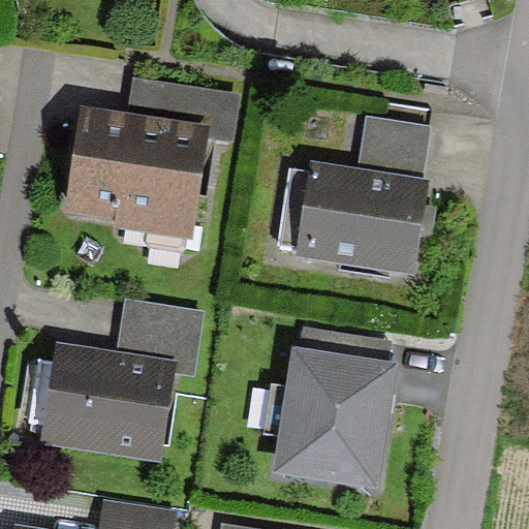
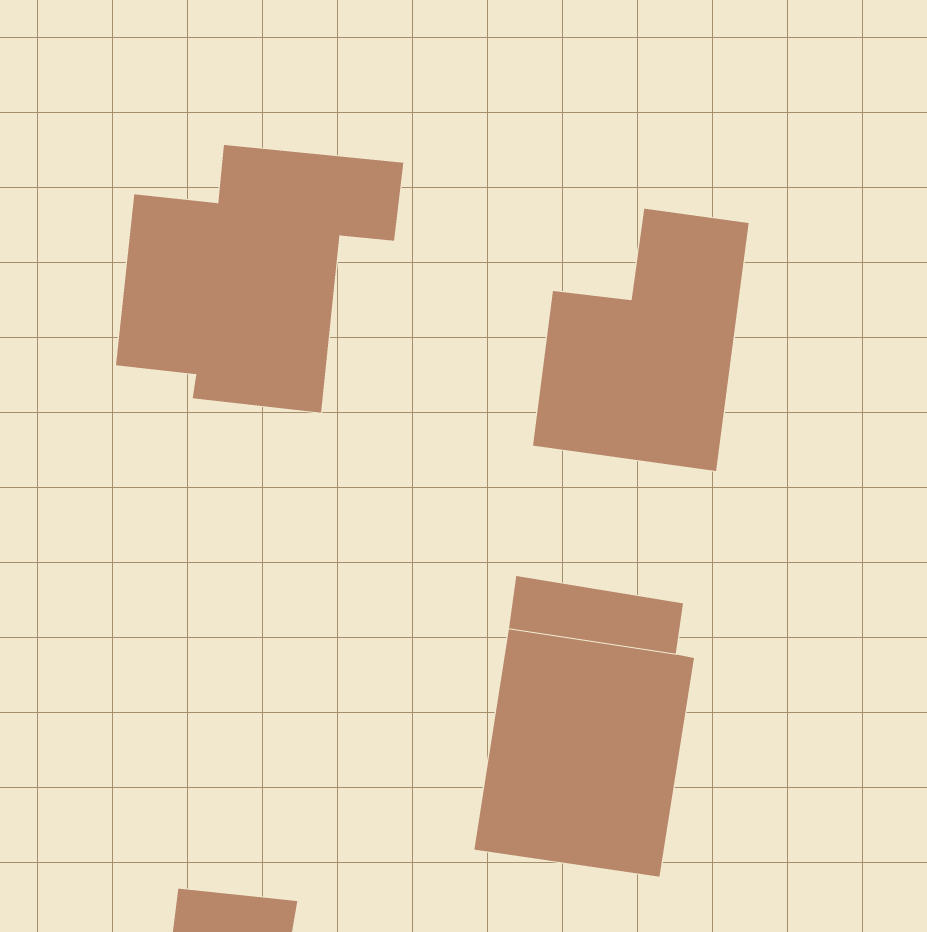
building: [43,303,197,458] -> none

